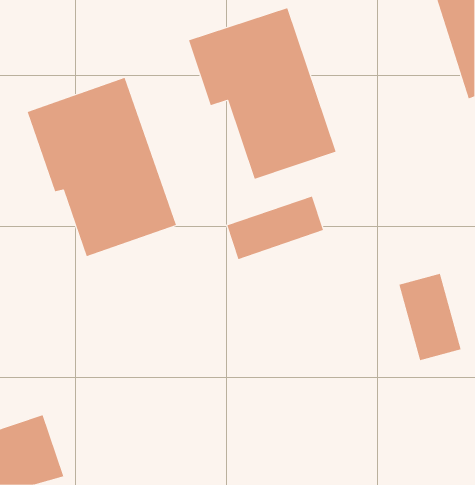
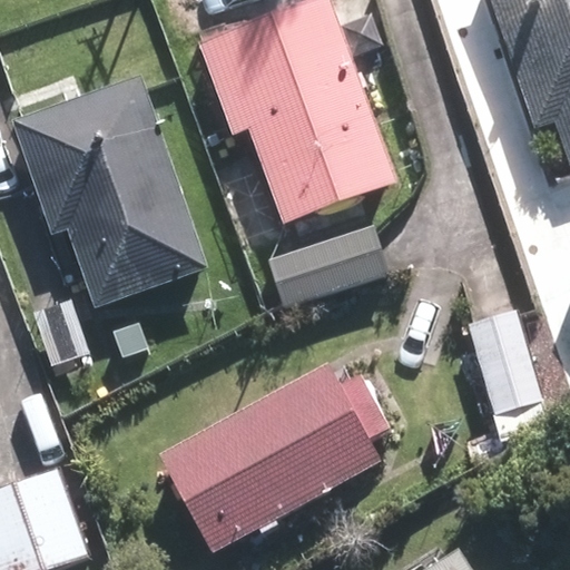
building: none -> [164,374,377,541]

